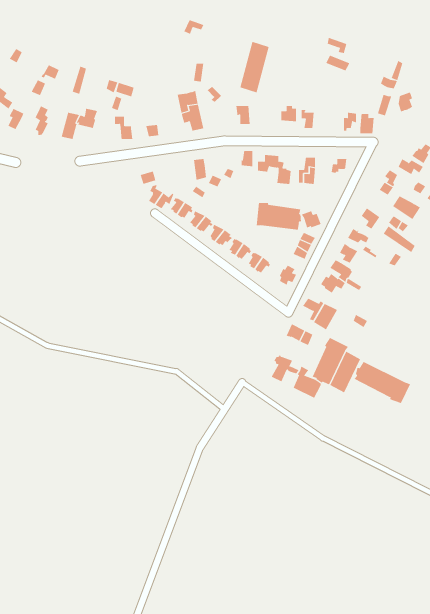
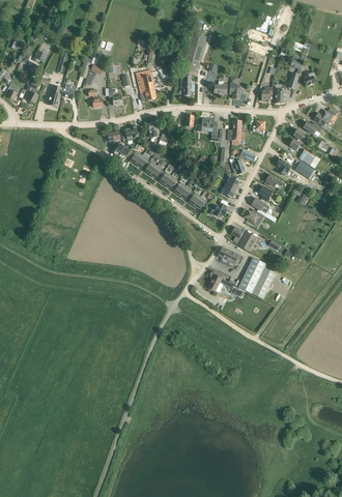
building: [256,202,301,230] -> none
building: [354,361,411,404] -> none

